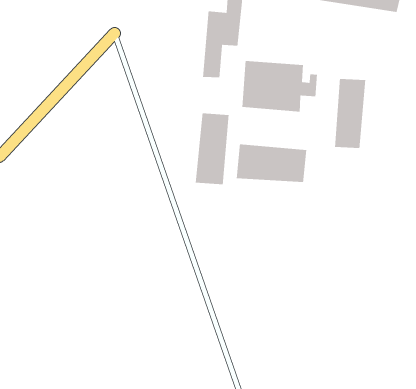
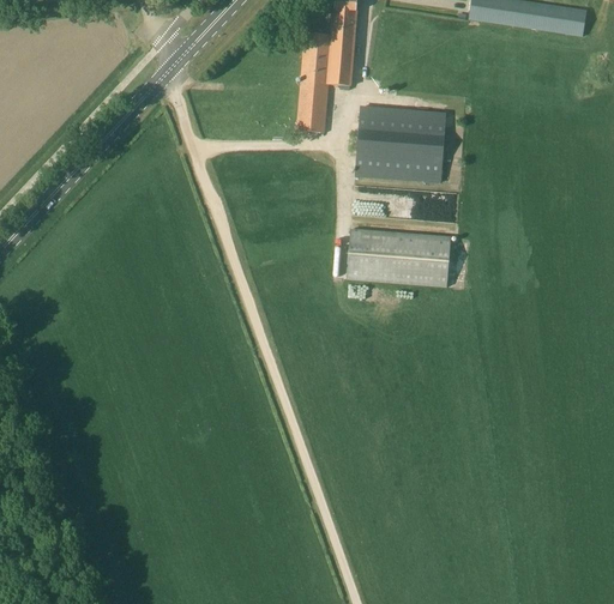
building: [334,78,366,149] -> none
building: [195,113,229,185] -> none

